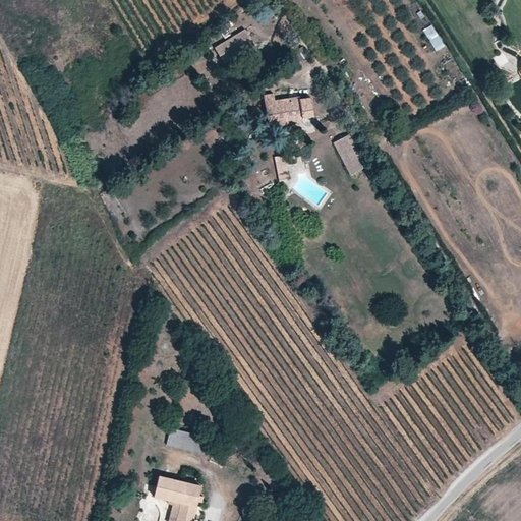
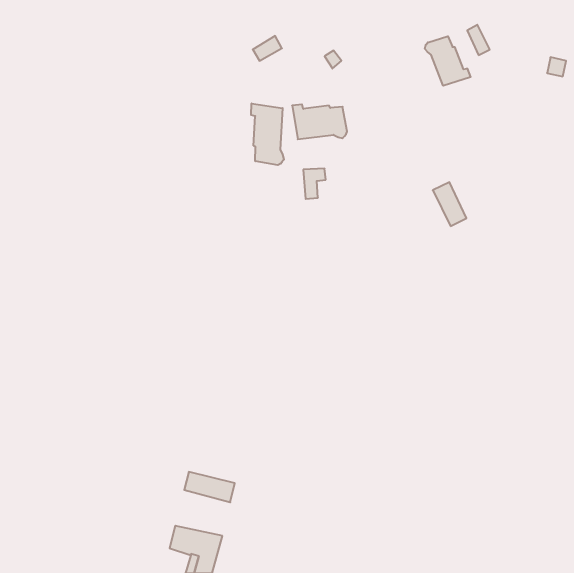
building: none -> [425,36,471,86]
building: none -> [251,103,284,165]
building: [334,134,364,174] -> [433,182,466,226]

